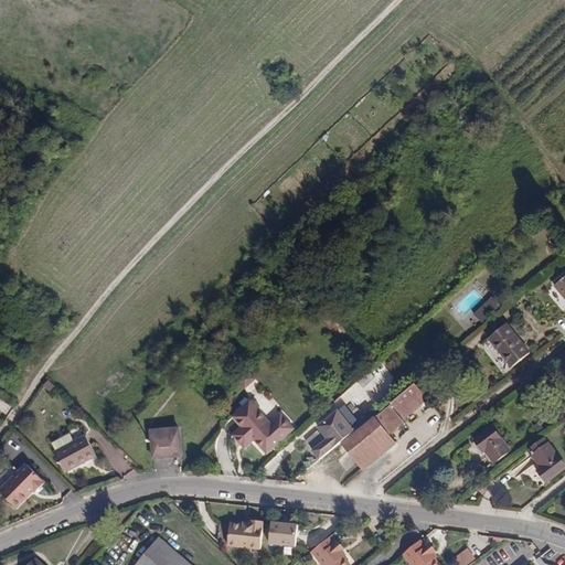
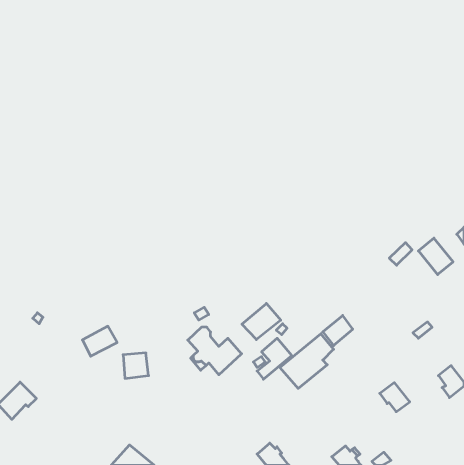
building: [487,322,529,366] -> [418,238,453,275]
building: none -> [242,303,281,340]
building: [472,426,509,461] -> [380,383,410,412]
building: [53,435,95,471] -> [82,326,117,356]
building: [226,516,262,545] -> none
building: [267,521,296,544] -> none

